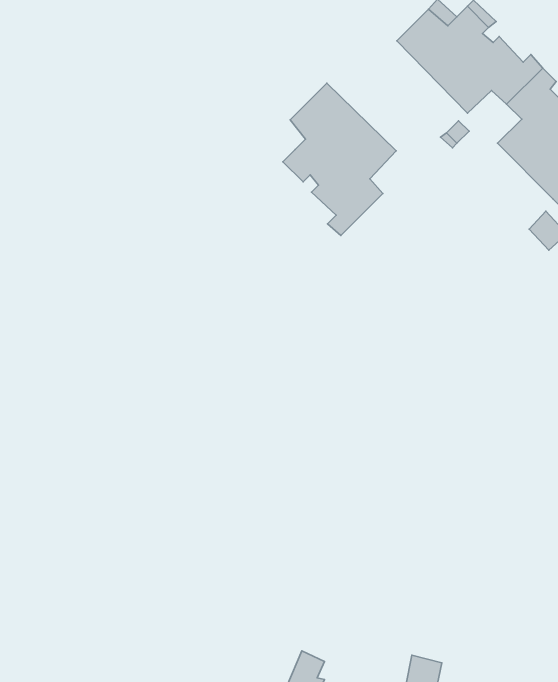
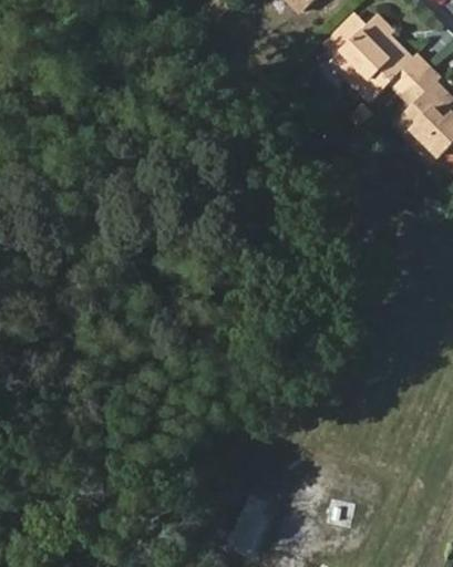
building: [283,83,396,235] -> none

